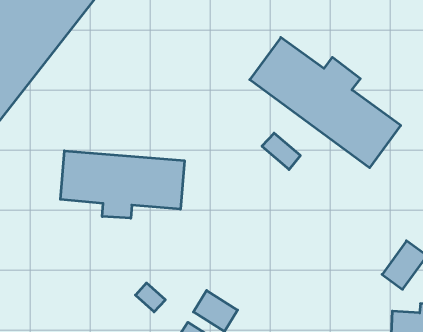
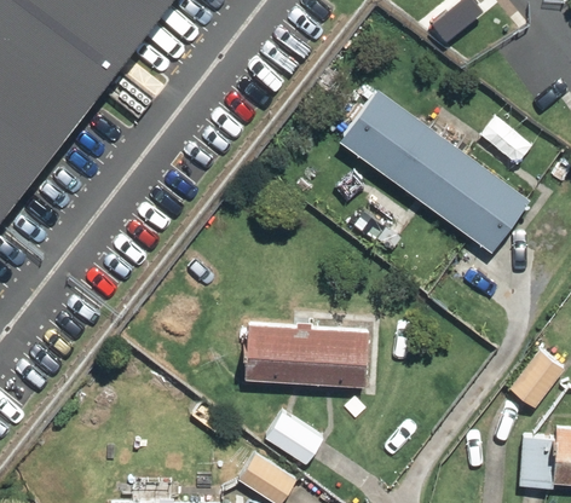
building: [60,151,184,218] -> none
building: none -> [246,324,368,389]

